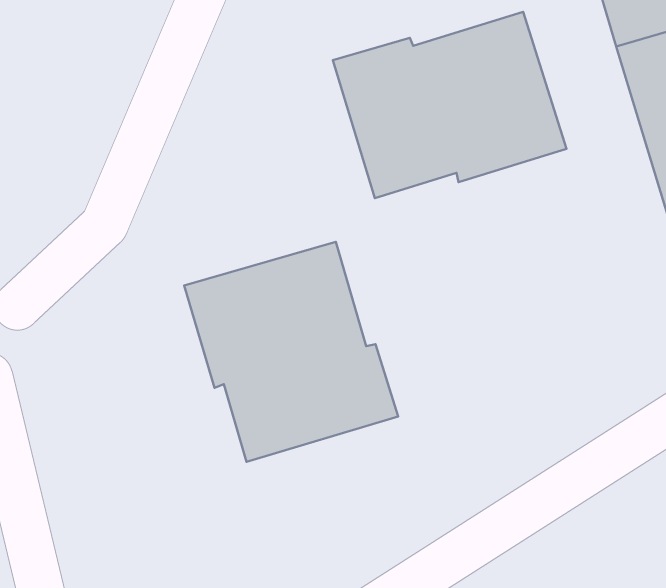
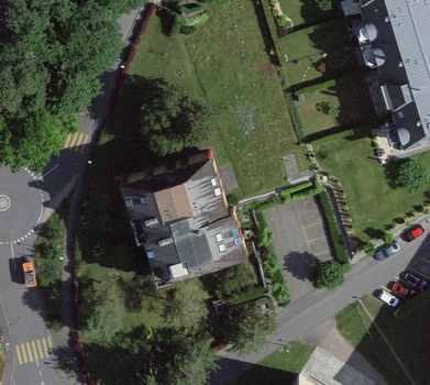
building: [333,12,567,198] -> none

